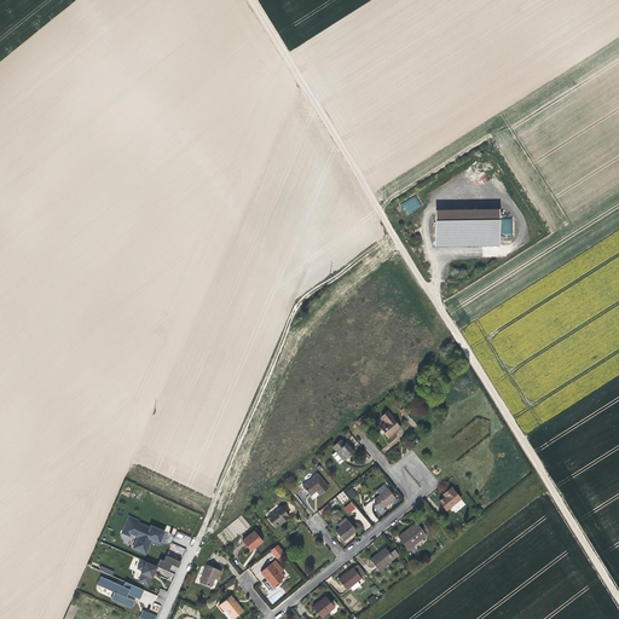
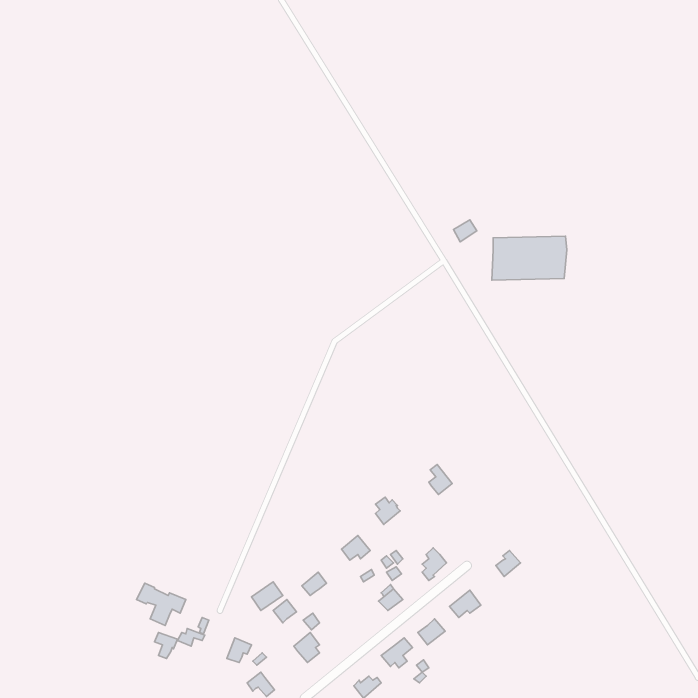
building: [103,577,144,607] -> none

